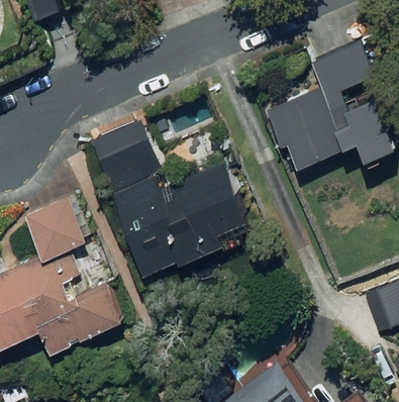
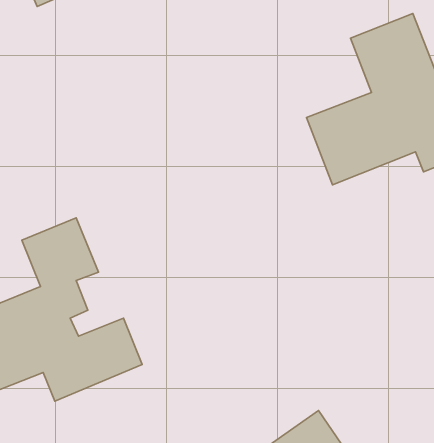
building: [97,140,246,276] -> none

